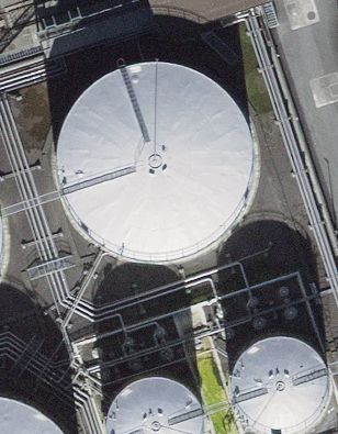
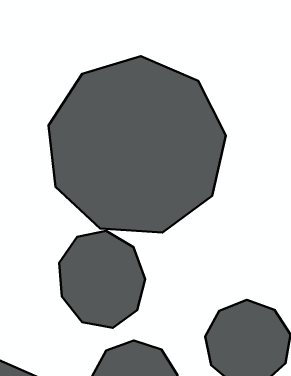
building: none -> [59,231,145,328]

